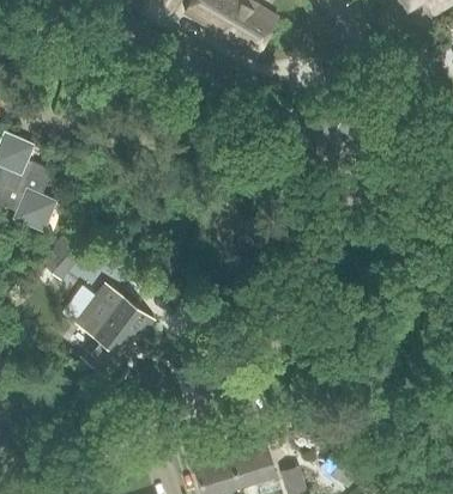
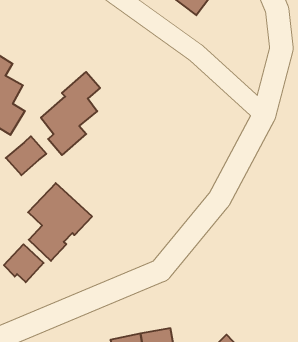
building: none -> [41,72,100,155]
building: none -> [4,244,44,282]

